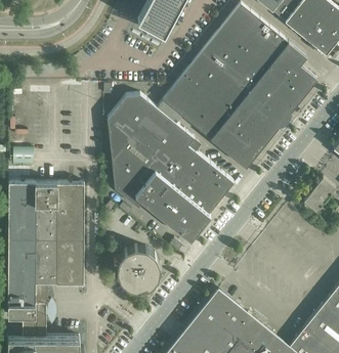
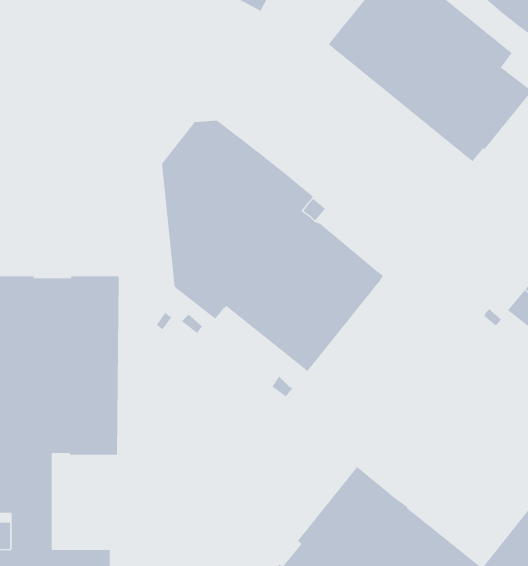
building: [157,52,285,168] -> none
building: [112,248,160,291] -> none

